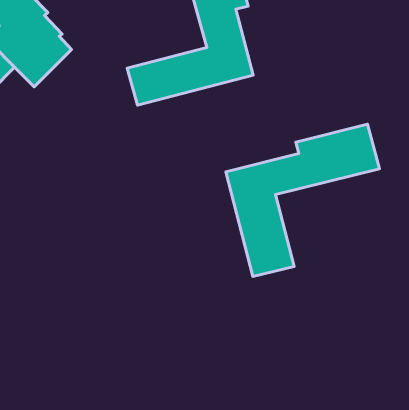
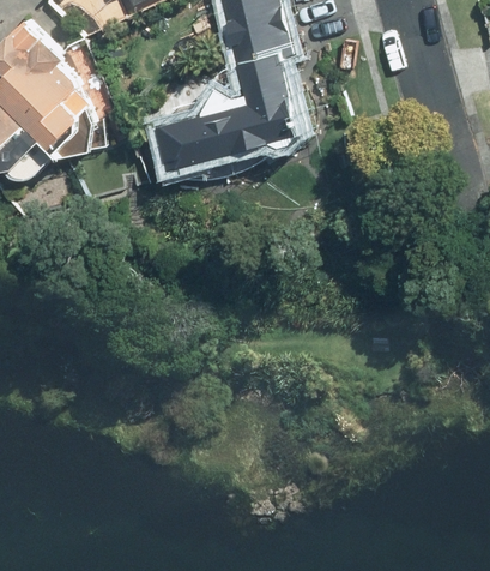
building: [226,124,380,276] -> none

